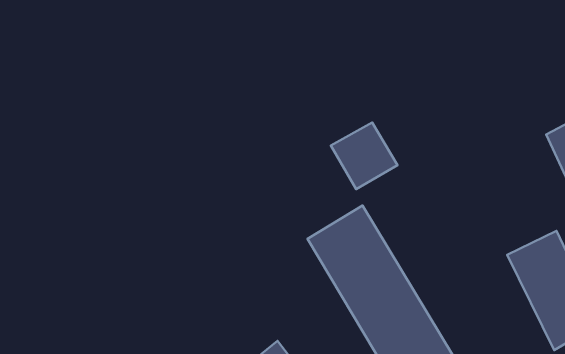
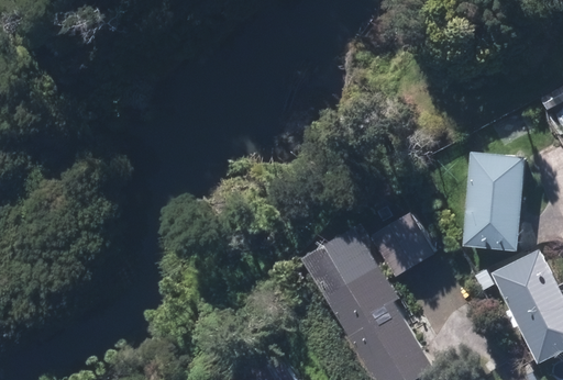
building: [331,123,397,189] -> [369,213,433,277]
building: none -> [462,152,525,252]

